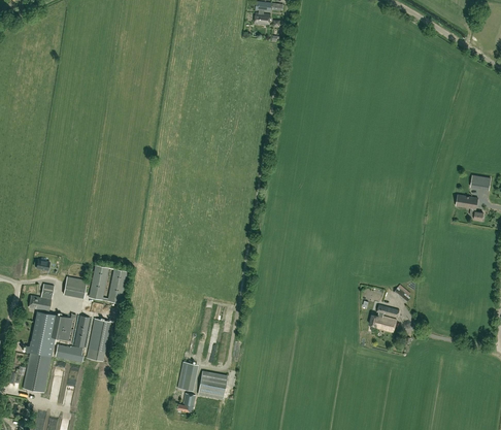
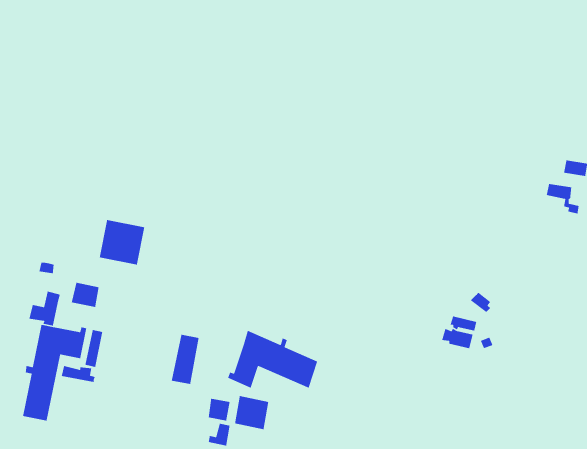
building: [89,265,127,303] -> [99,219,145,265]
building: none -> [227,330,318,389]
building: [87,319,110,361] -> [171,334,200,385]

